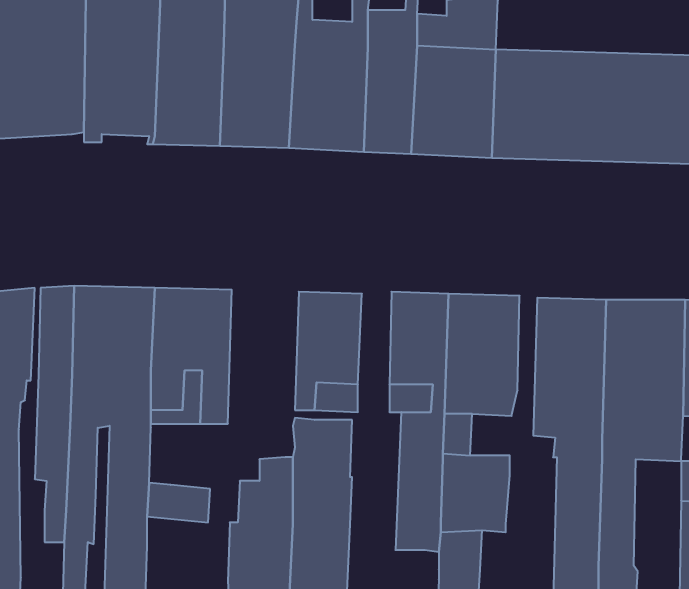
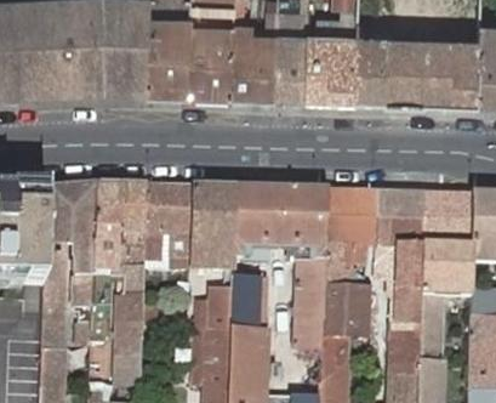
building: none -> [192,187,235,271]

